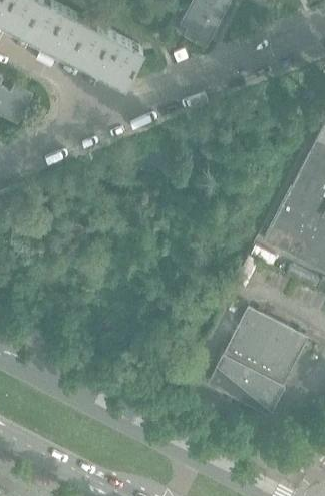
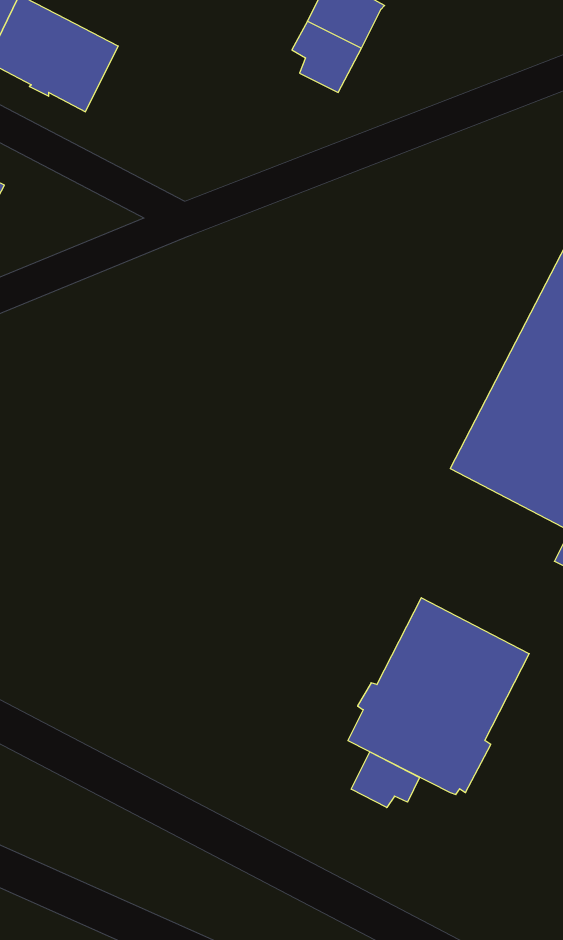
building: [71,24,140,84] -> none
building: none -> [351,752,419,808]

